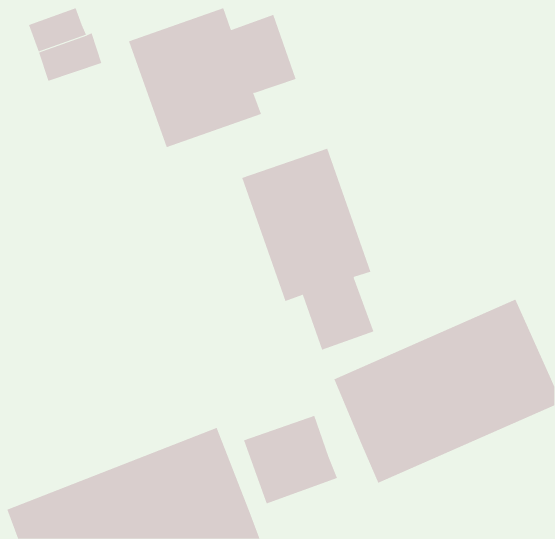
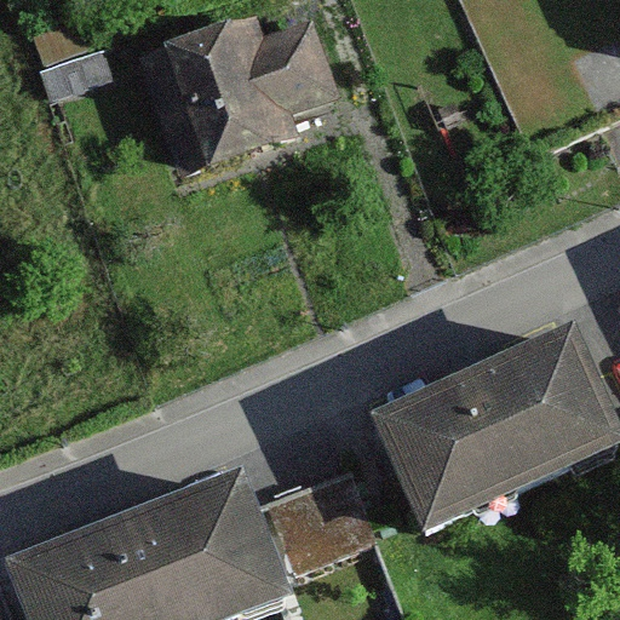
building: [241,148,374,351] -> none

